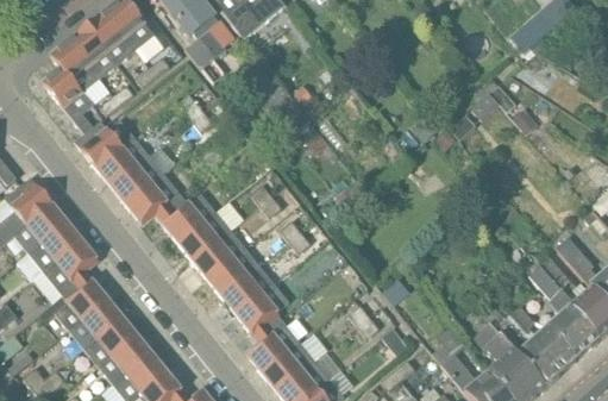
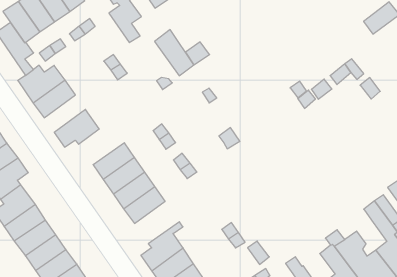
building: [111,155,163,205] -> none
building: [157,193,215,243] -> none
building: [236,283,293,339] -> none

